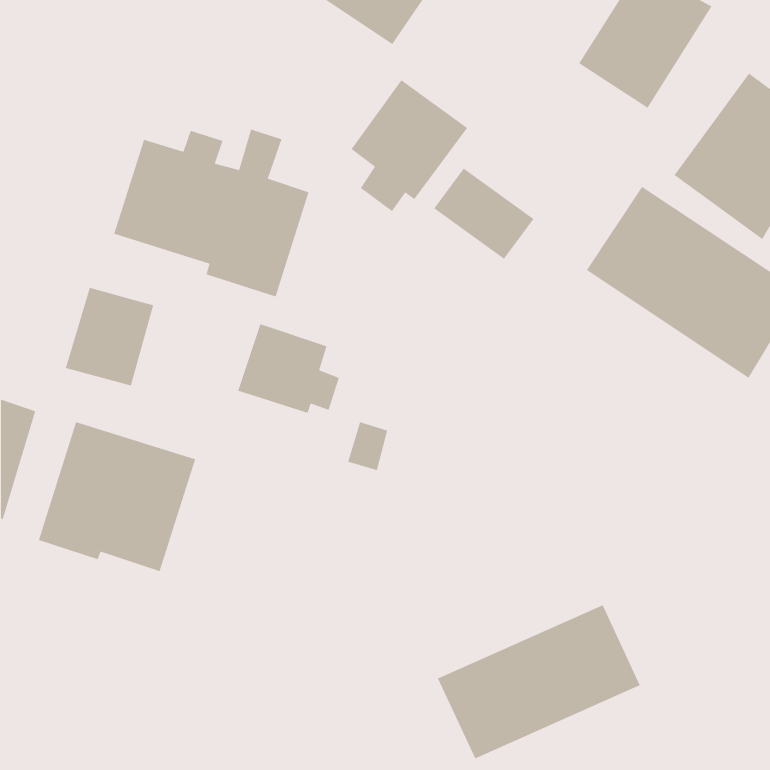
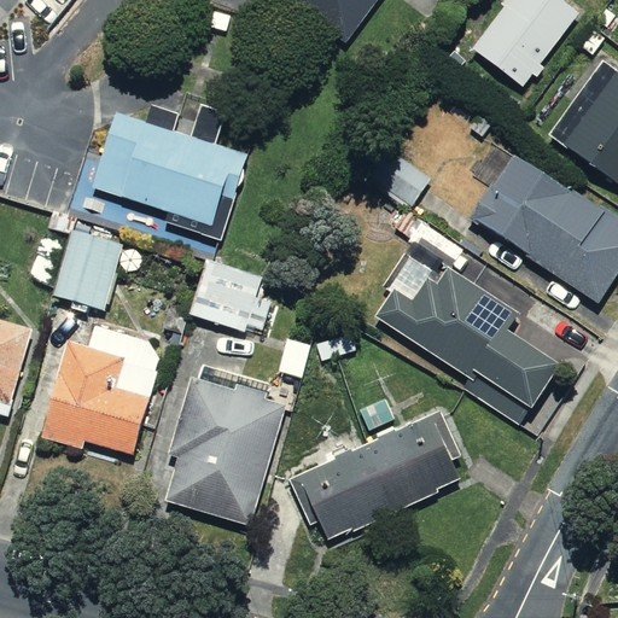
building: [350,79,468,212] -> none
building: none -> [377,266,562,426]
building: none -> [154,369,274,526]
building: [437,604,641,760] -> [308,415,471,540]

